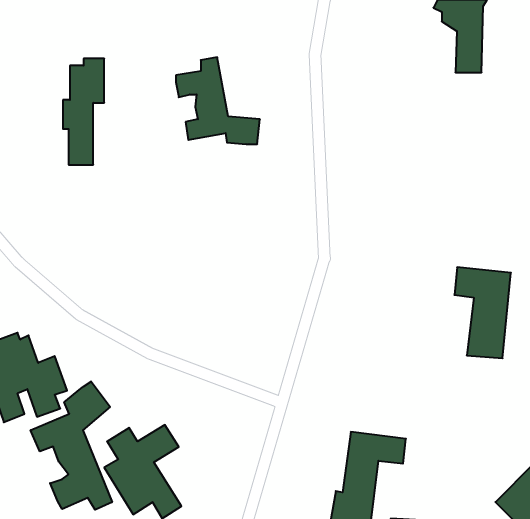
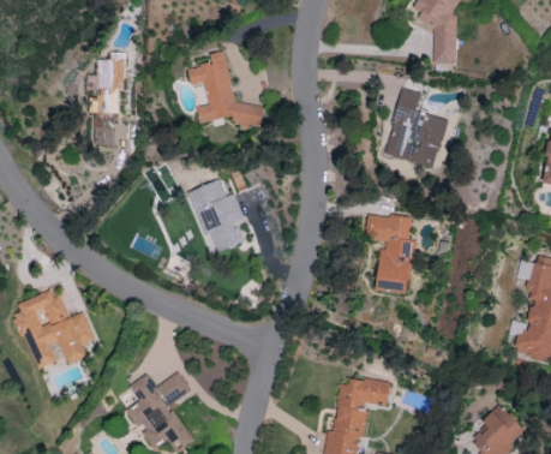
building: none -> [383,88,448,168]
building: none -> [187,179,242,255]
building: [454,267,511,358] -> [365,214,414,293]
building: [31,381,112,510] -> none

